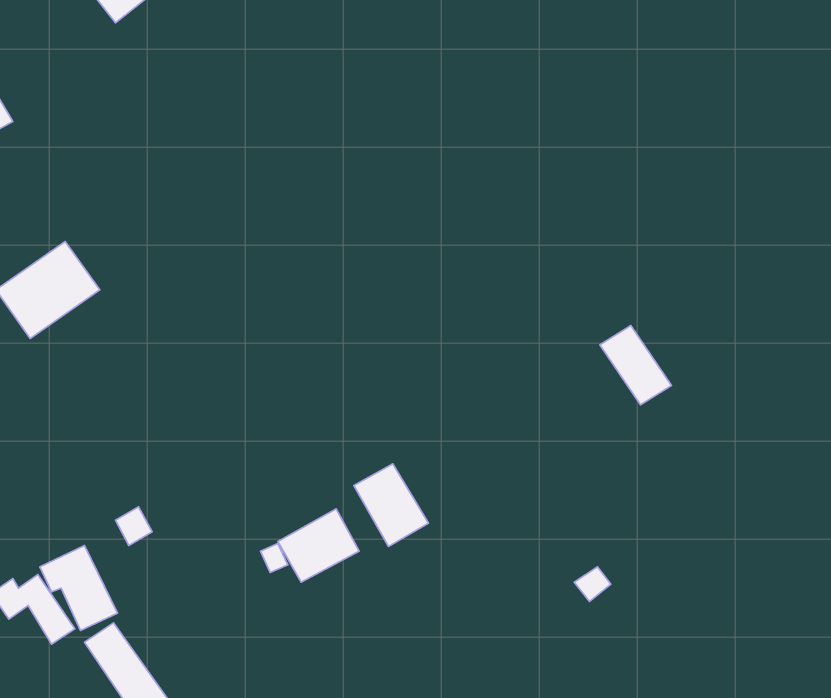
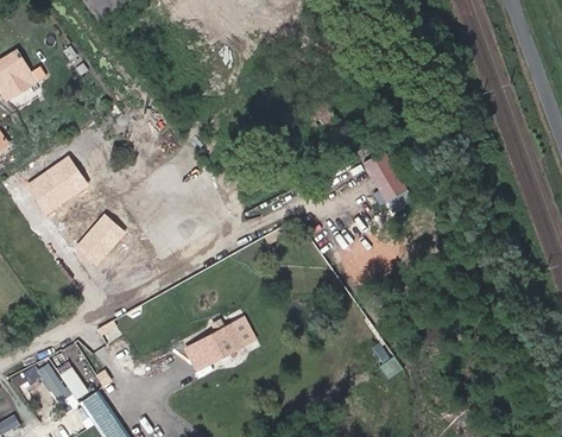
building: [600,326,672,405] -> [362,151,406,200]
building: none -> [75,214,125,266]
building: [354,464,428,547] -> none

